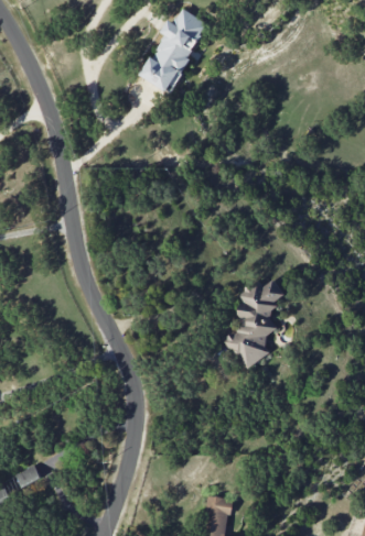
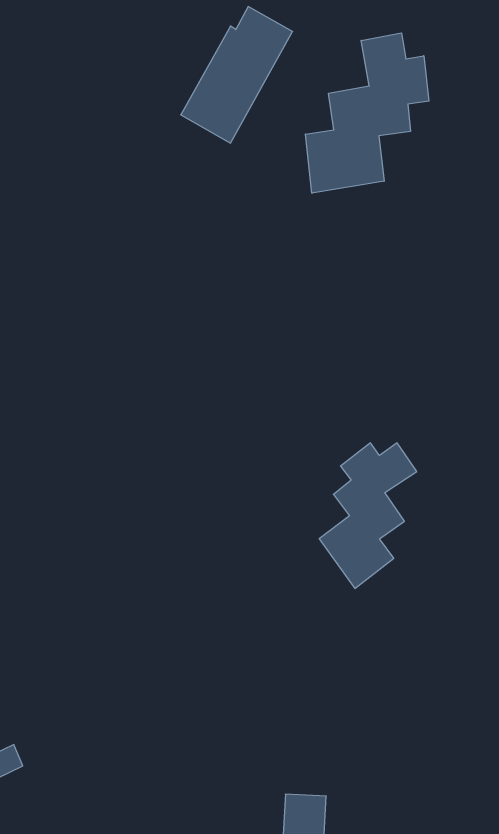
building: none -> [305,33,429,193]

